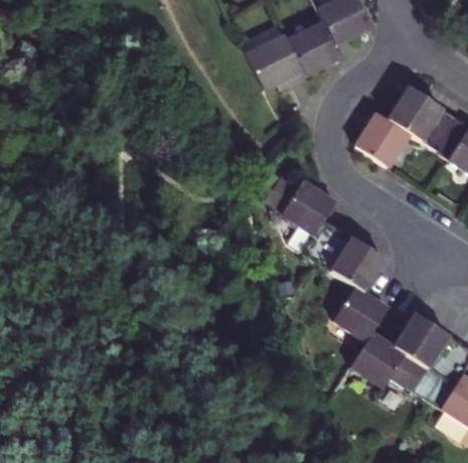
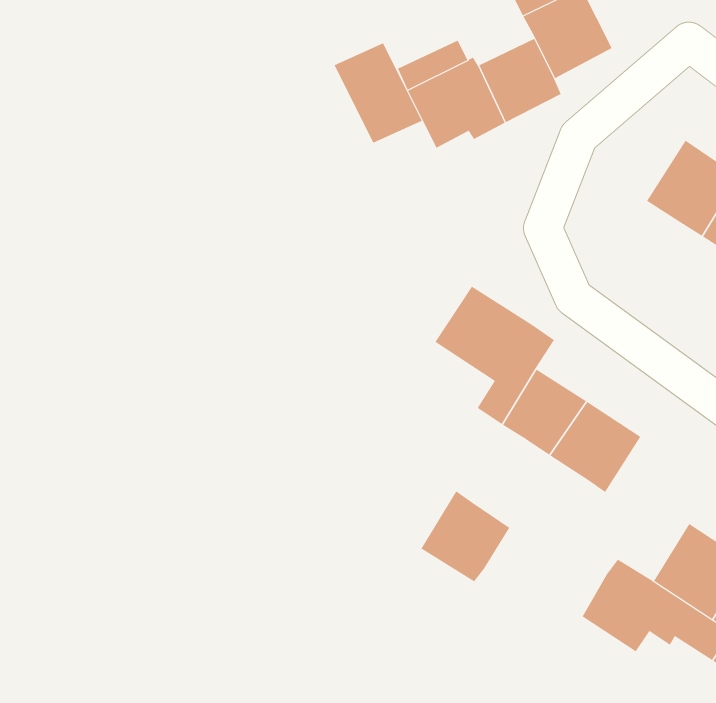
building: none -> [334,43,423,143]
building: [358,114,412,168] -> none
building: [334,287,387,341] -> [420,491,510,582]

